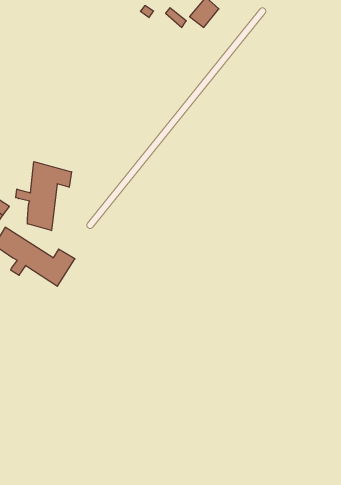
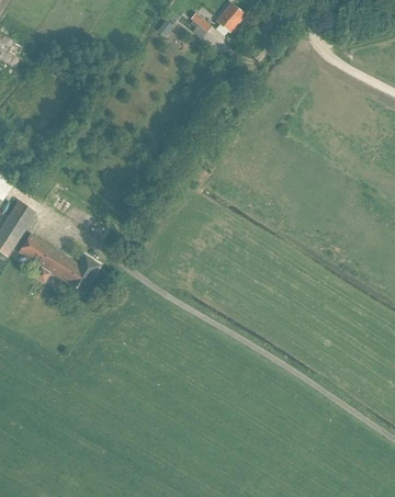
building: [16,162,72,231] -> none

